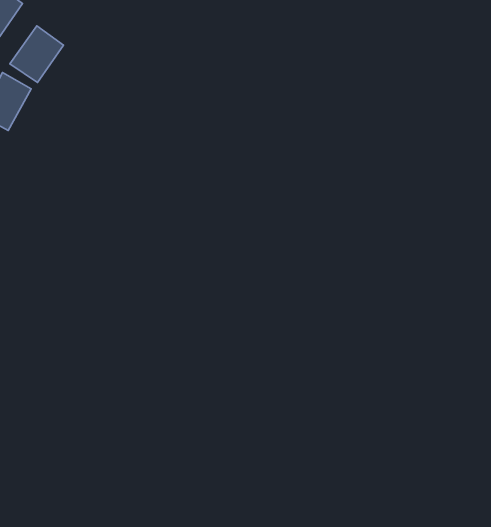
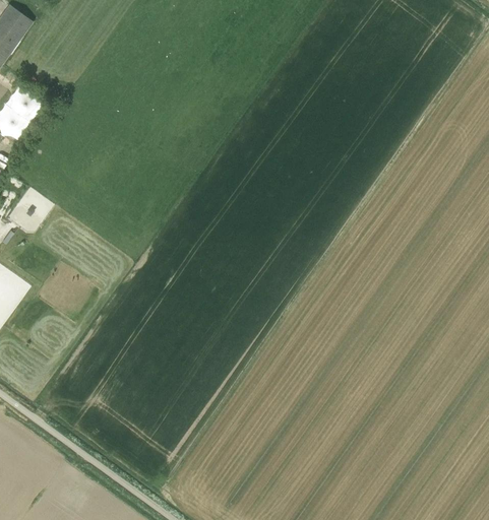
building: [10,26,64,82] -> none

